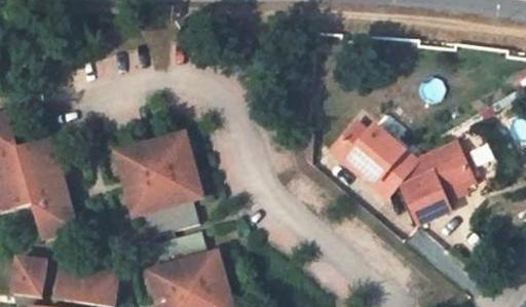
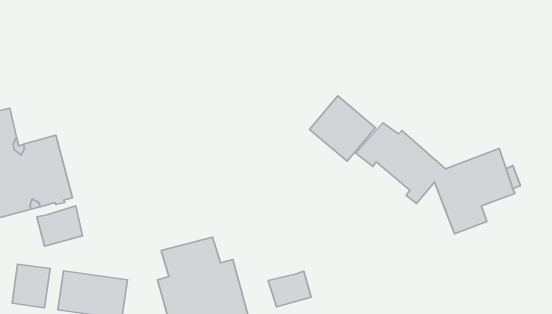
building: none -> [310,96,375,161]
building: [114,131,200,235] -> none
building: none -> [268,271,311,307]

